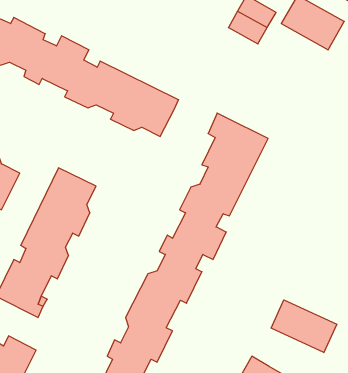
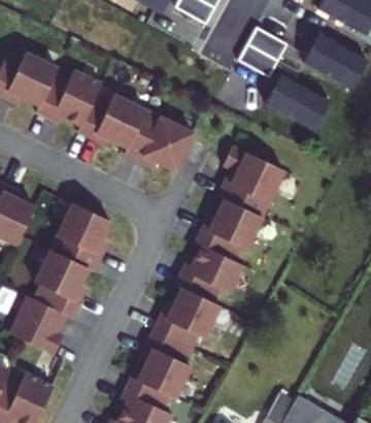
building: none -> [272,75,336,130]
building: [271,300,337,353] -> none

